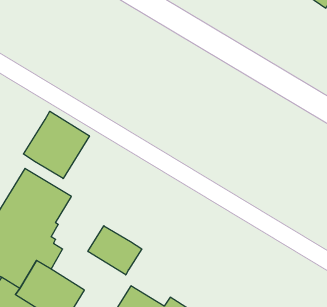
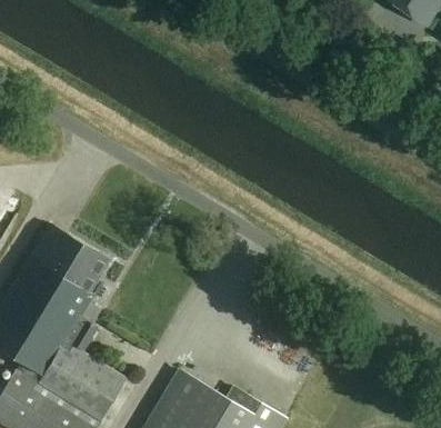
building: [23,111,89,179] -> none
building: [88,226,142,275] -> none

